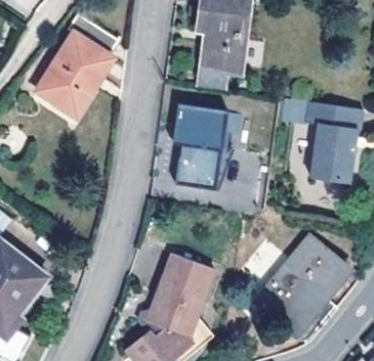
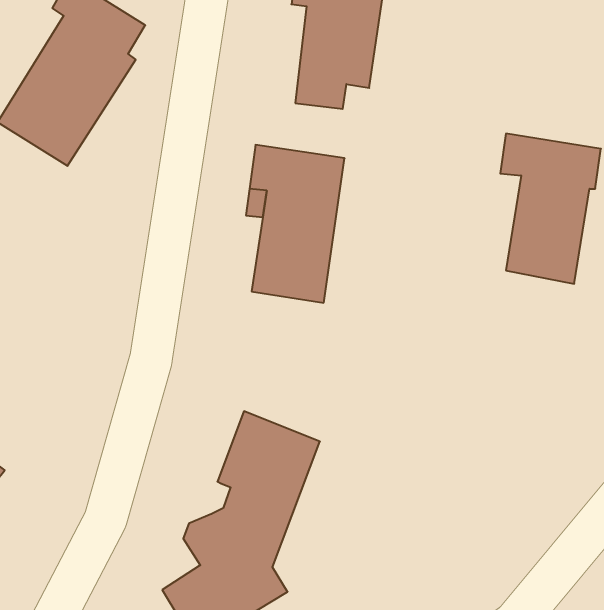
building: [259,236,351,344] -> none

